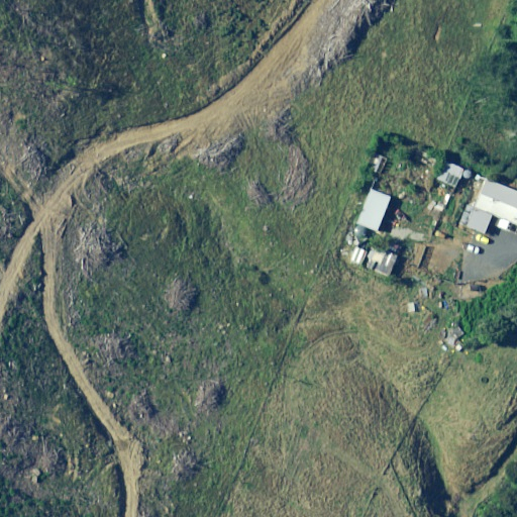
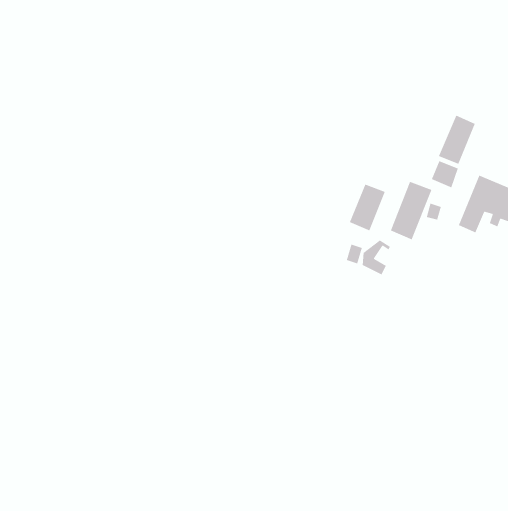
building: none -> [438,114,476,165]
building: none -> [390,181,433,240]

